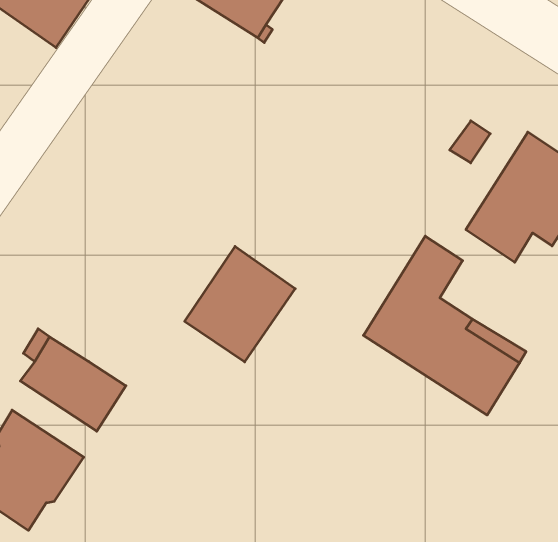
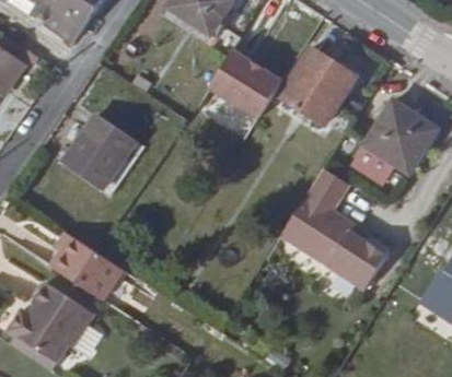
building: none -> [278,47,357,127]
building: none -> [205,50,278,129]
building: [185,246,295,362] -> [61,114,136,191]

